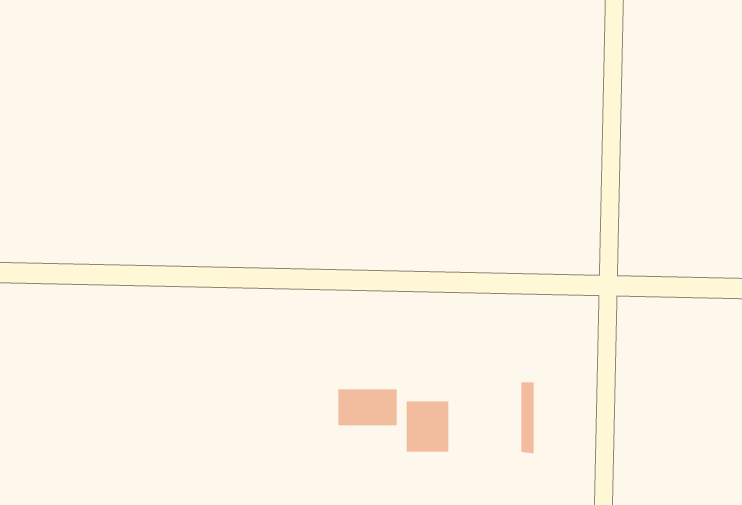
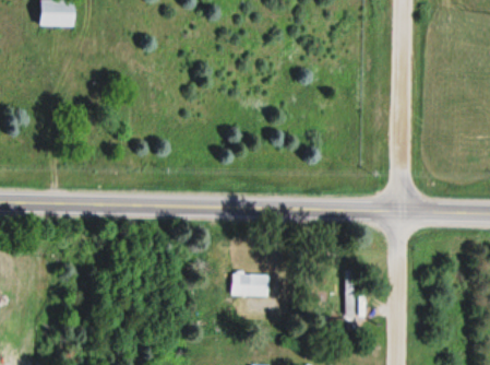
building: [406,400,449,452] -> none

